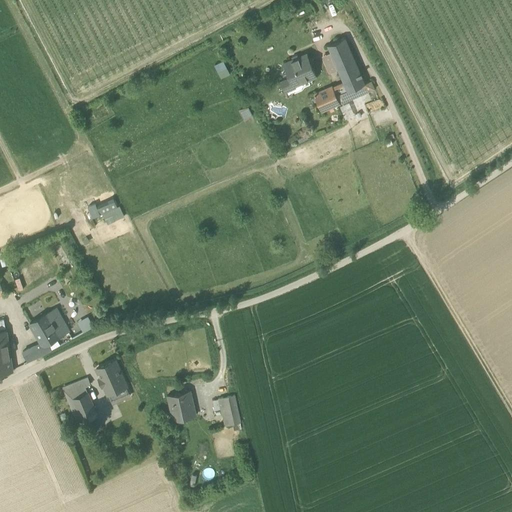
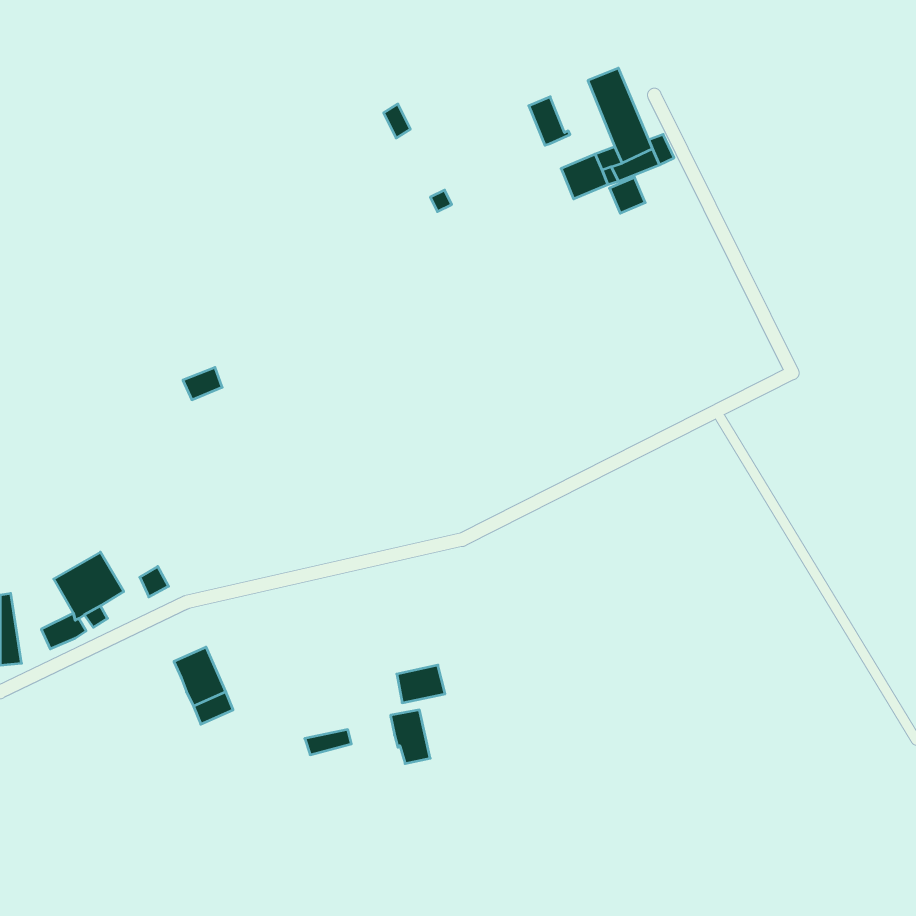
building: [280,59,304,97] -> none
building: [64,379,97,424] -> none
building: [167,391,194,412] -> [397,665,445,703]

